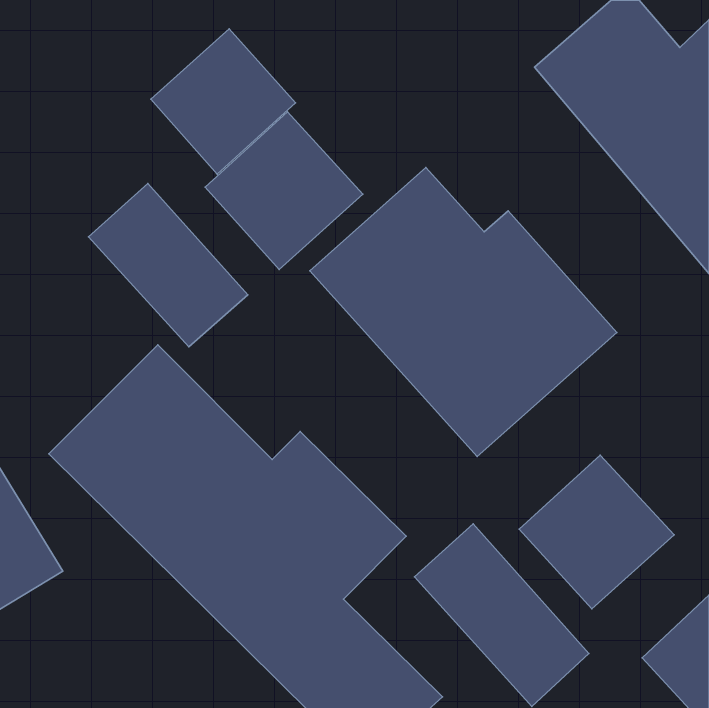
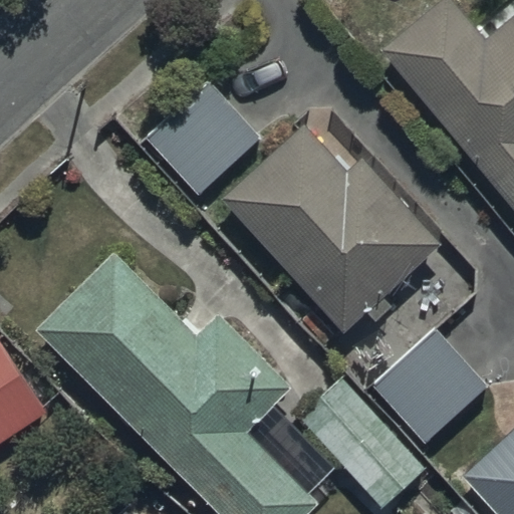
building: [151,29,295,174] -> none
building: [88,183,248,347] -> none

